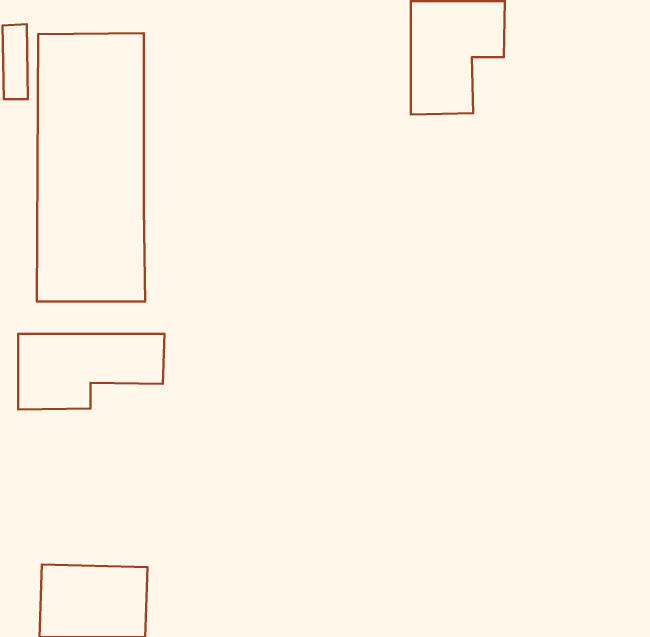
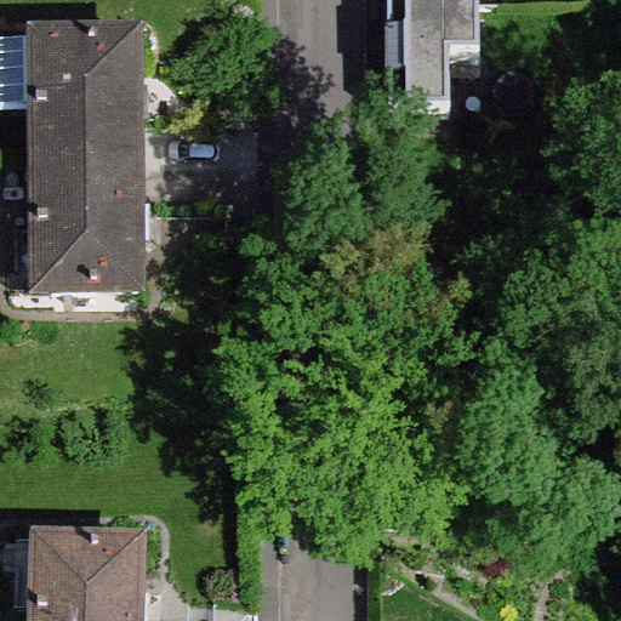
building: [18,334,164,409] -> none

